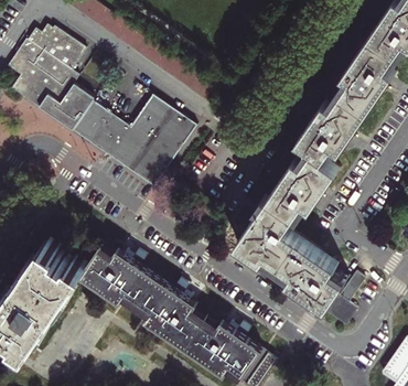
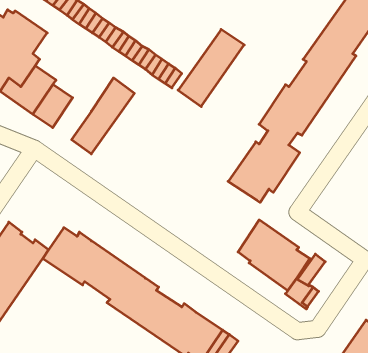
building: [130,109,196,186] -> [178,29,244,107]
building: [92,114,130,156] -> none
building: [236,194,298,268] -> none

